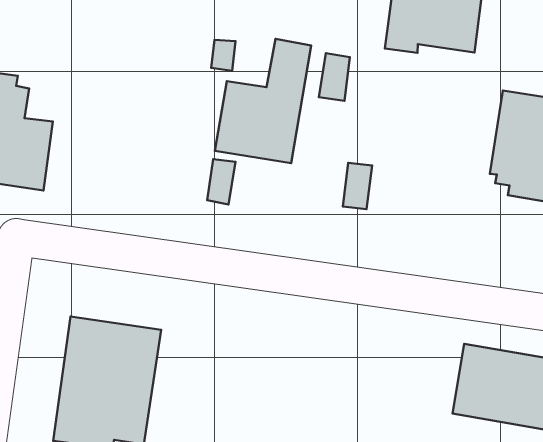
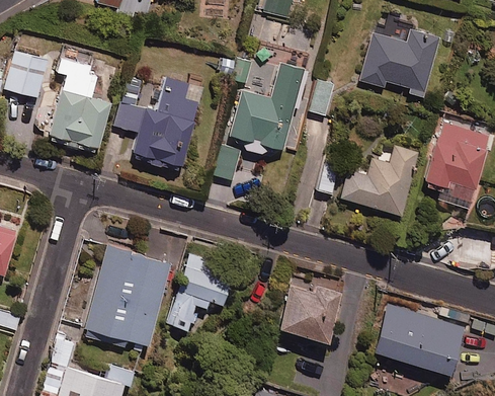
building: none -> [113,77,198,169]
building: none -> [341,145,418,215]
building: none -> [167,256,233,329]
building: none -> [278,284,341,343]

